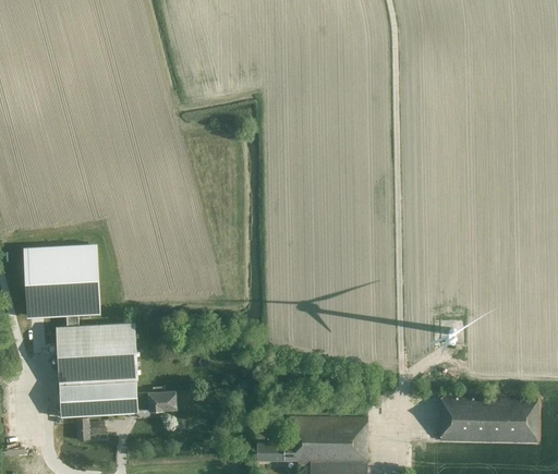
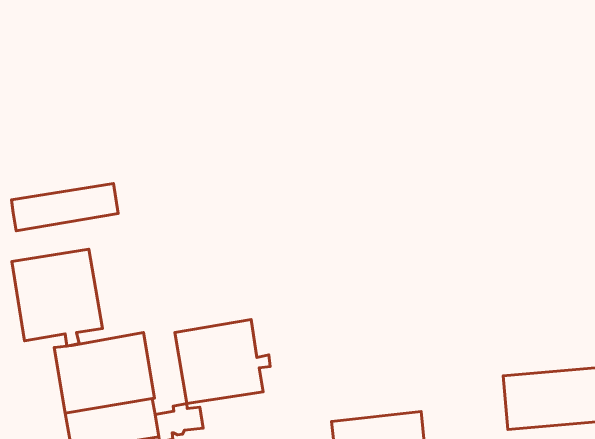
building: none -> [11,183,118,231]
building: none -> [175,320,270,404]

